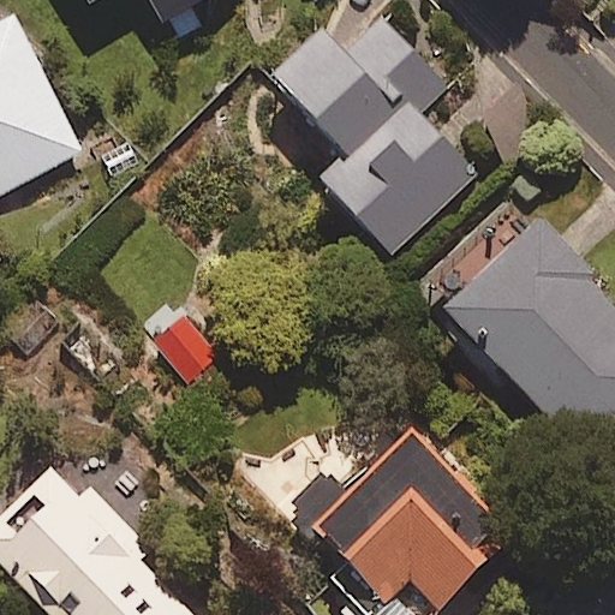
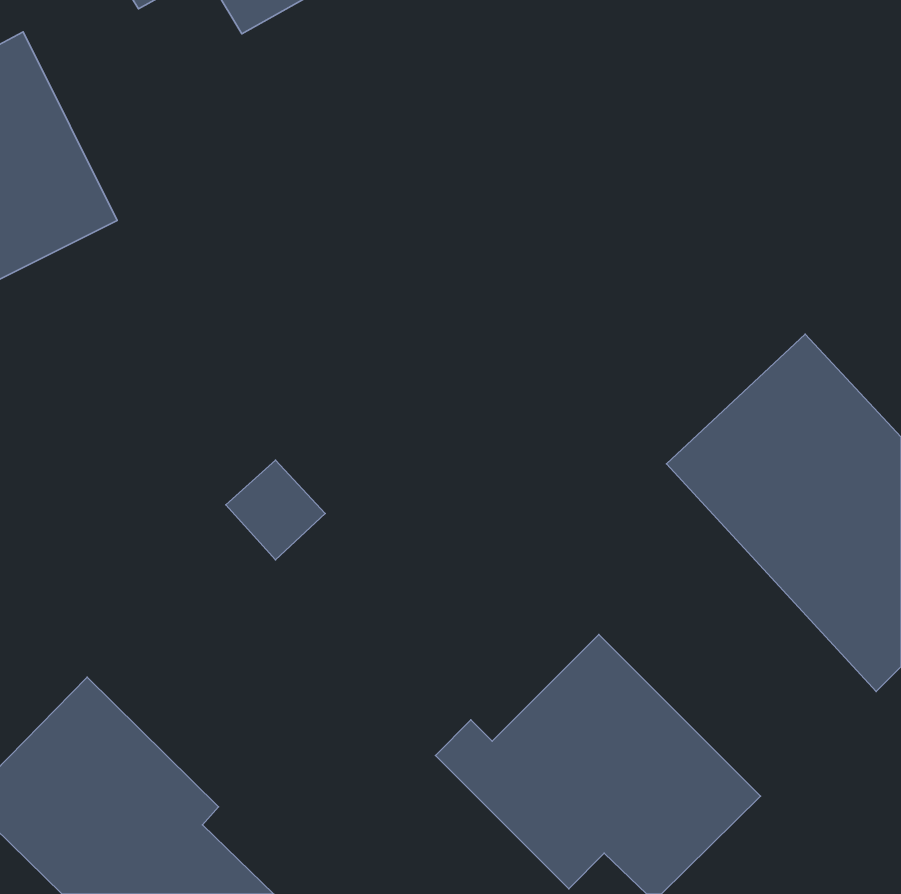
building: [276,17,477,253] -> none

